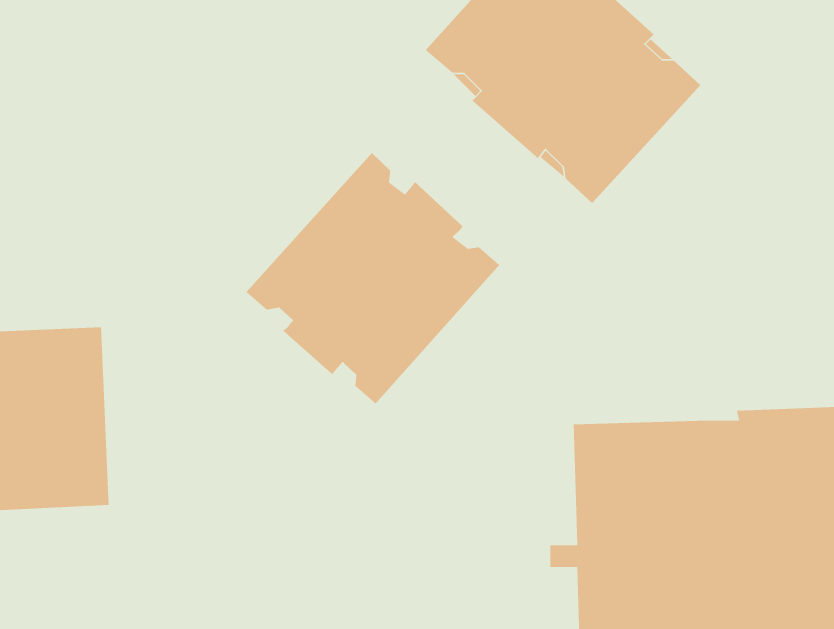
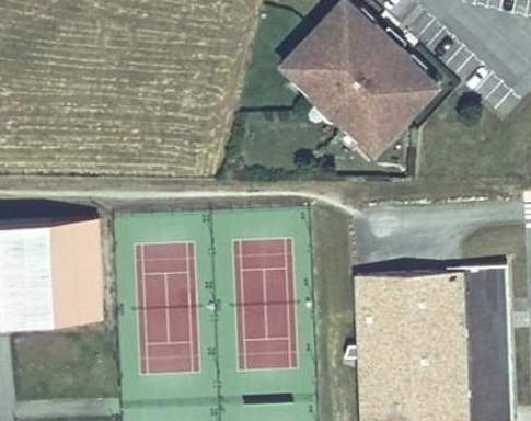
building: [245,152,500,404] -> none

